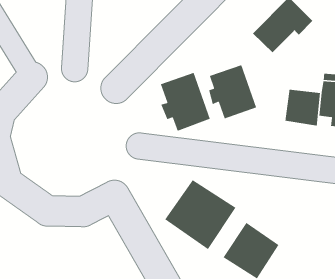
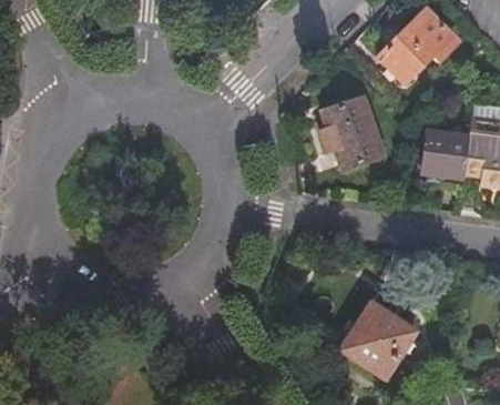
building: [160,72,211,132] -> none
building: [164,179,236,250] -> none

